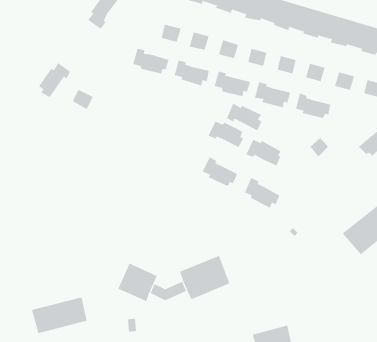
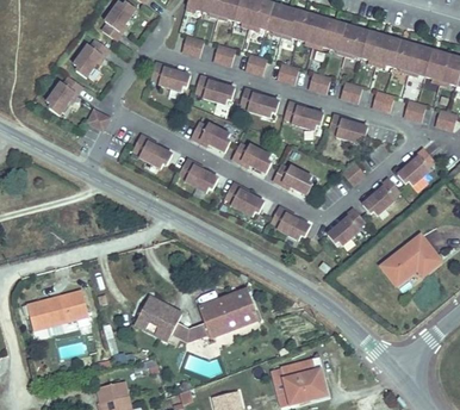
building: none -> [73,41,110,80]
building: [226,103,262,131] -> [192,120,231,151]
building: none -> [132,135,173,168]
building: none -> [180,159,220,192]
building: none -> [363,174,402,212]
building: none -> [330,205,368,243]
building: [31,297,88,334] -> [27,291,89,331]

